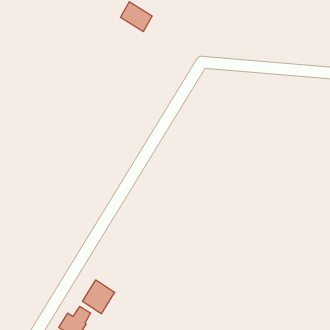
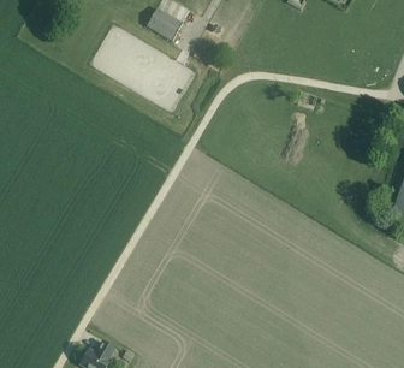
building: [83,280,115,314] -> none

